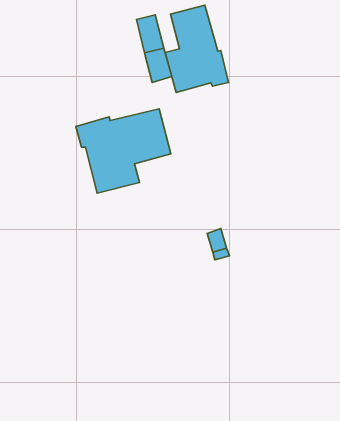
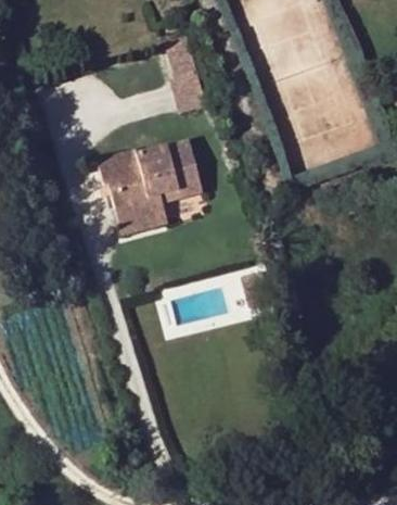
building: [165,5,228,92] -> none

